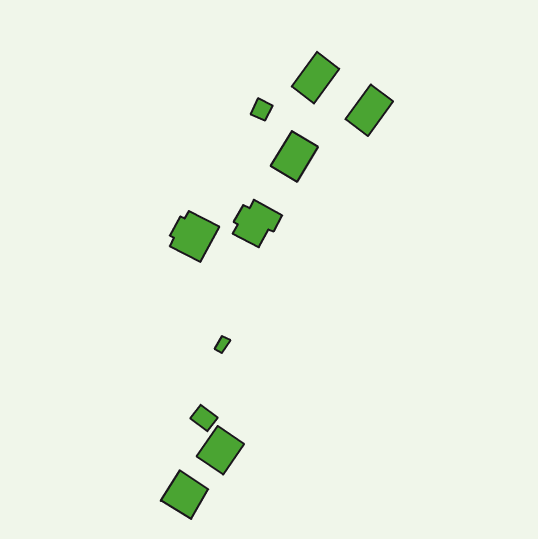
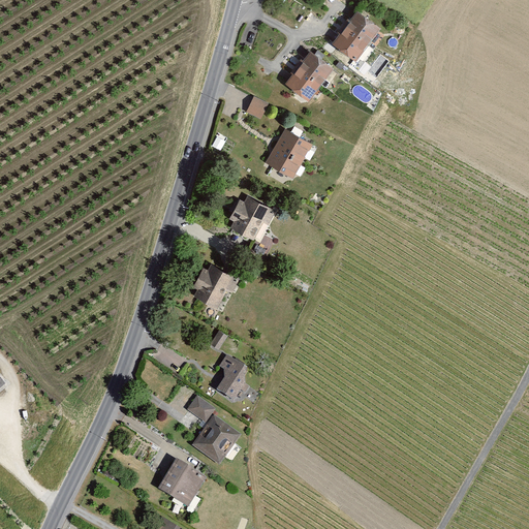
building: [345,84,393,136] -> [332,10,378,61]
building: [170,211,219,262] -> [192,262,241,312]
building: none -> [217,355,246,400]

